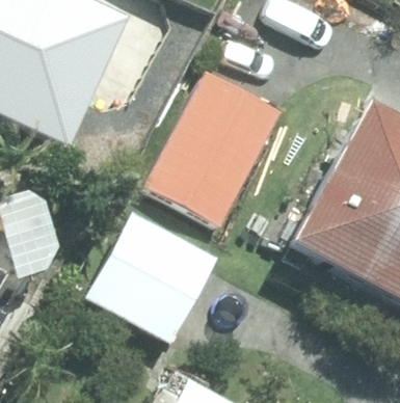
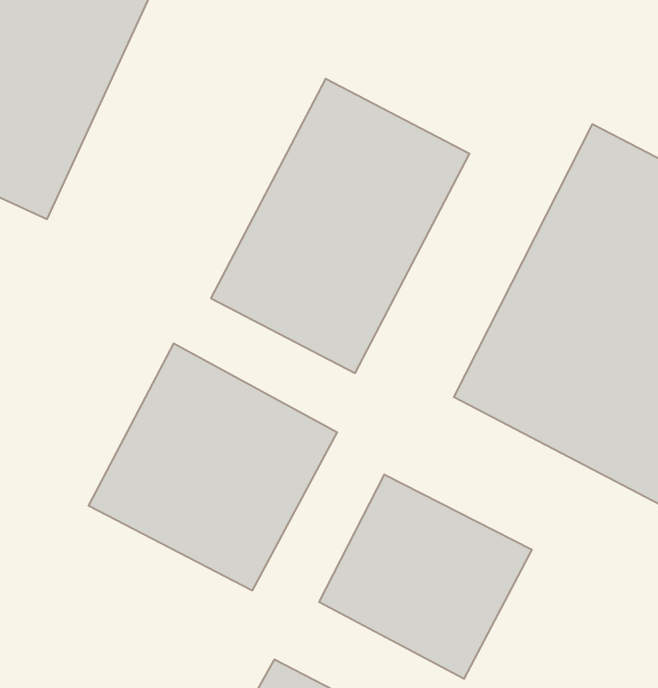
building: none -> [319,474,532,679]

